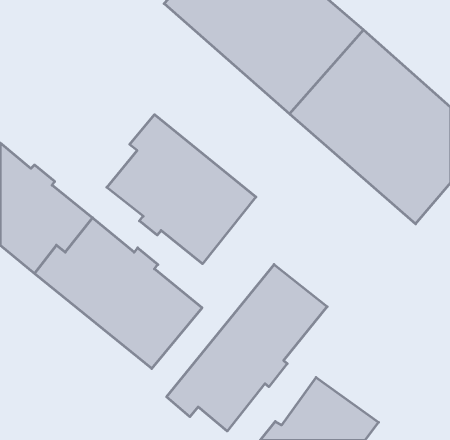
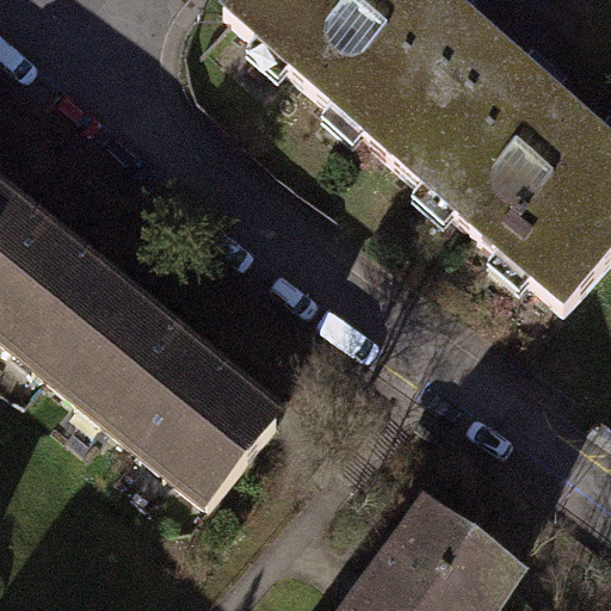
building: [107,115,256,264] -> none
building: [167,264,327,431] -> none

